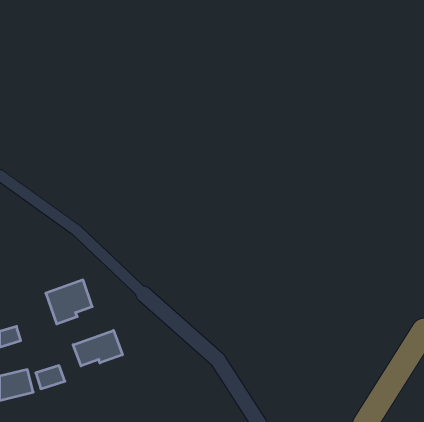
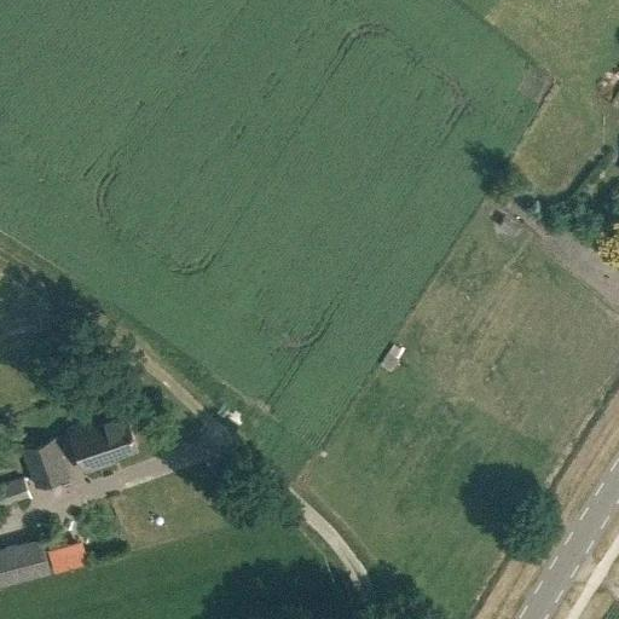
building: none -> [21,438,68,488]
building: [73,330,122,366] -> none

